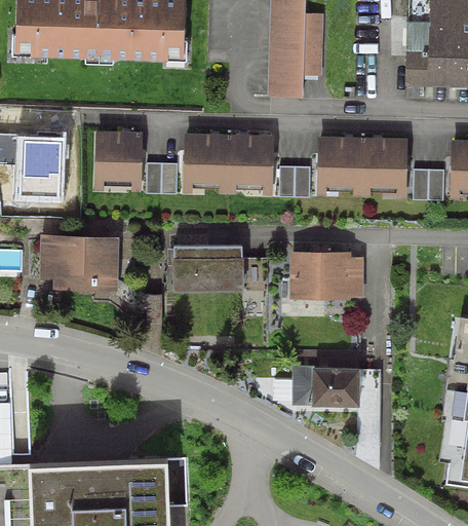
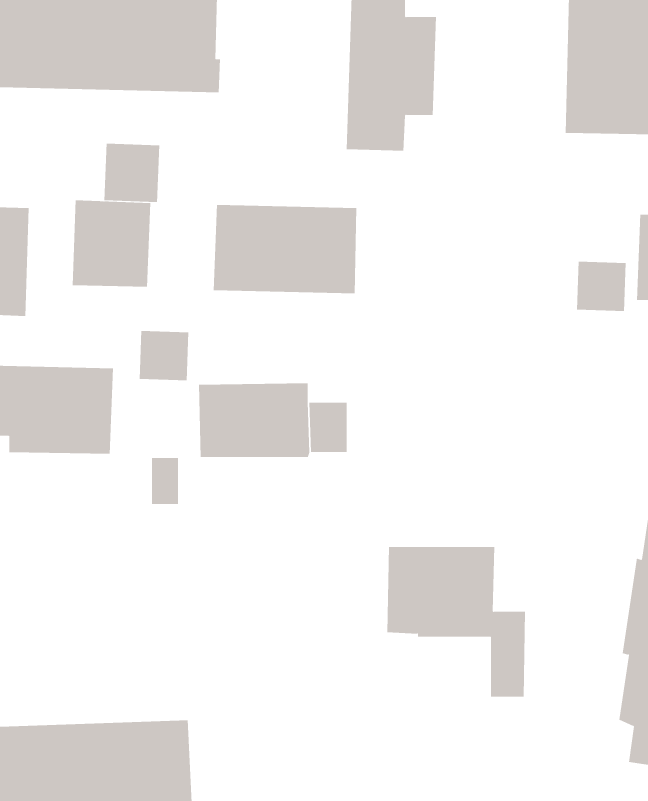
building: none -> [104,143,160,203]
building: [317,136,408,192] -> none
building: [146,162,178,194] -> [139,330,189,381]
building: [279,165,310,196] -> none
building: [289,251,363,300] -> none

